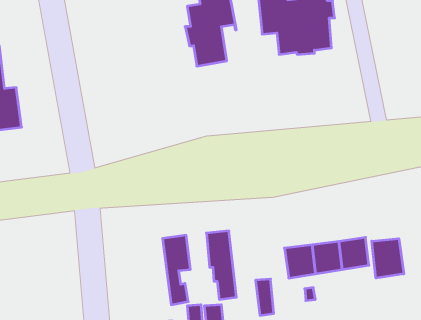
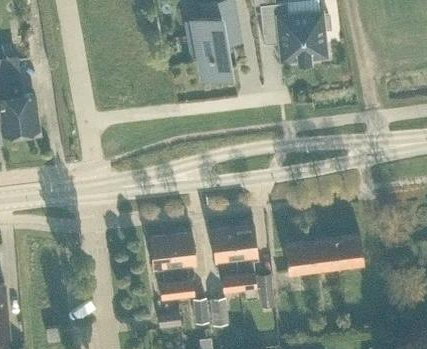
building: none -> [232,227,258,292]
building: none -> [149,237,178,301]
building: [372,239,404,278] -> none

